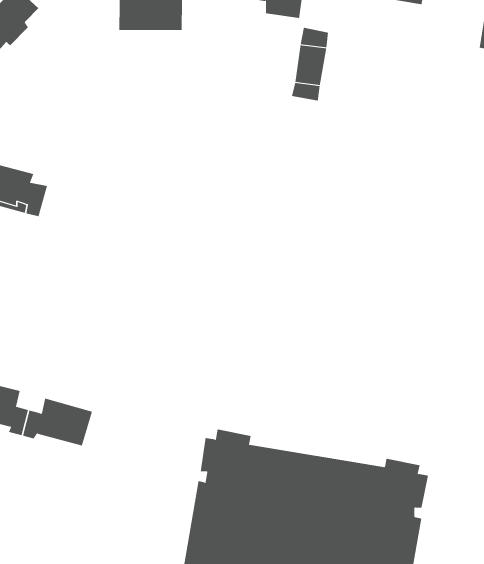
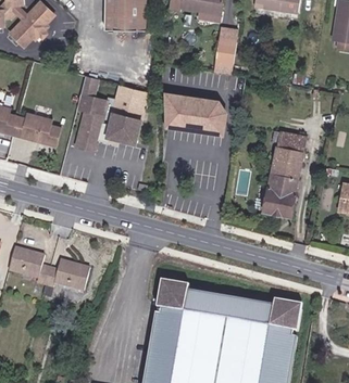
building: none -> [75,85,150,152]
building: none -> [162,92,227,139]
building: none -> [263,131,307,216]

